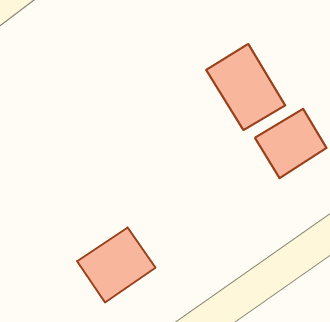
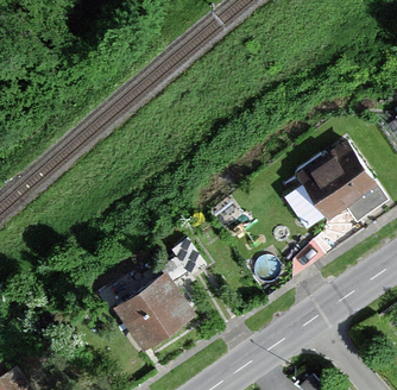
building: [206,44,285,130] -> none

